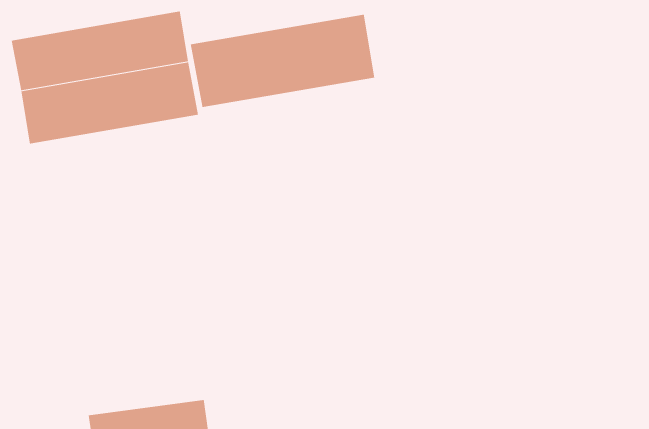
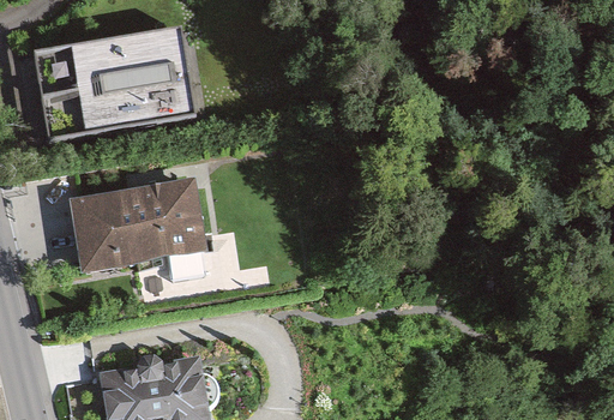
building: [190,14,375,108] -> none
building: none -> [76,181,201,263]

